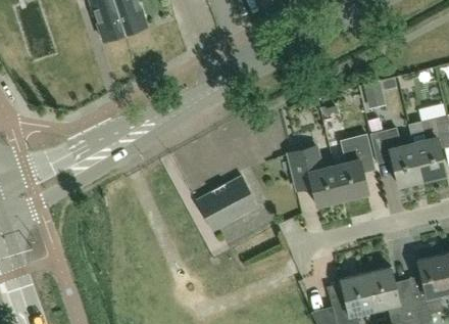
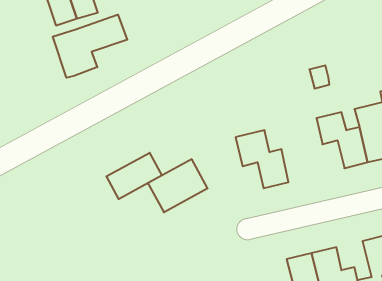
building: none -> [53,15,127,78]
building: [334,134,373,199] -> none
building: none -> [106,153,162,199]

